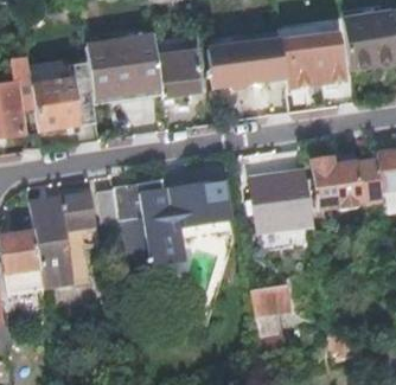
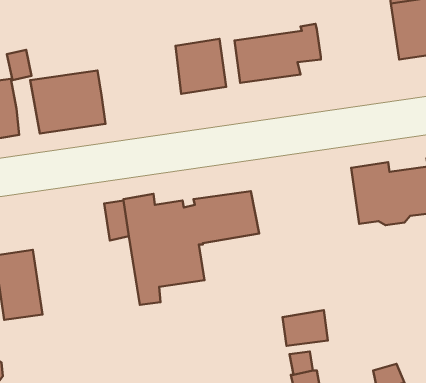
building: [281,33,346,86] -> none
building: [87,36,161,100] -> none
building: [251,168,313,230] -> none
building: [31,192,96,287] -> none

